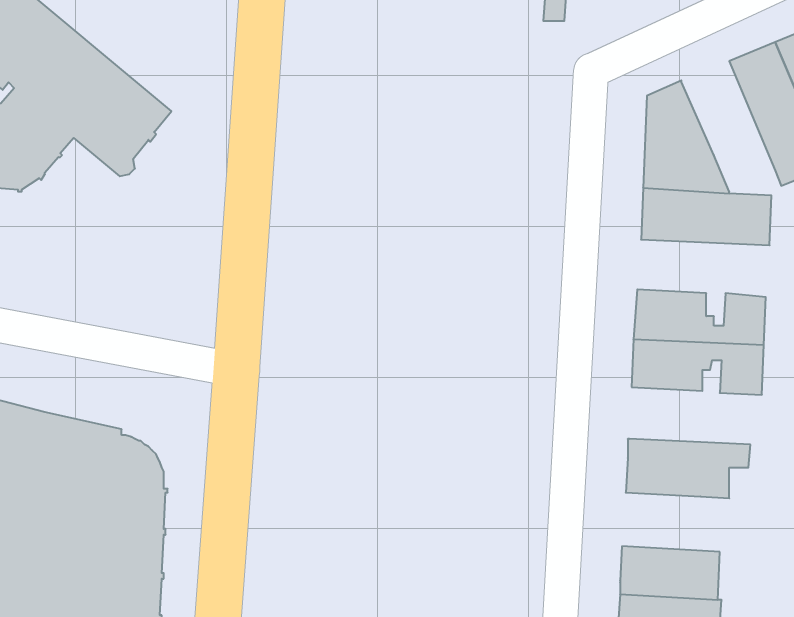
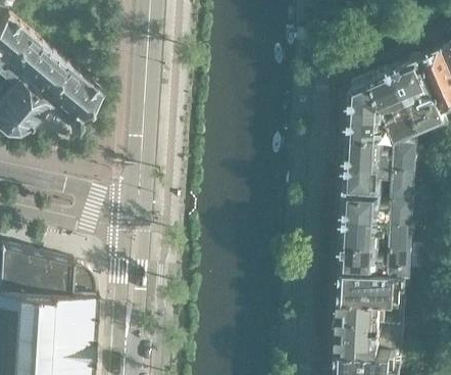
building: none -> [370,66,420,136]
building: none -> [347,161,417,192]
building: none -> [343,240,413,272]
building: none -> [339,296,399,329]

